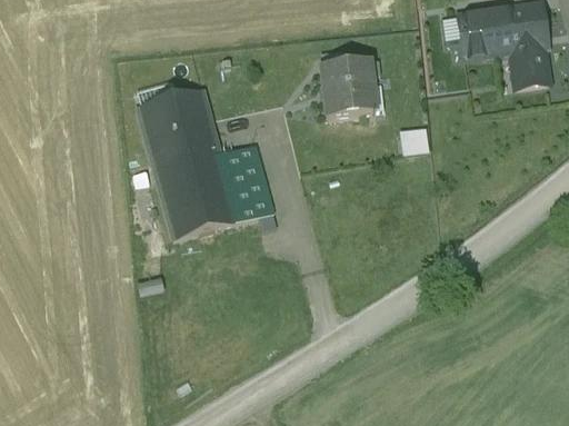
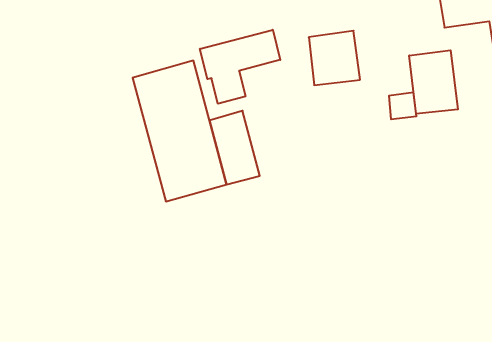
building: none -> [200,30,280,104]
building: none -> [409,50,458,114]

